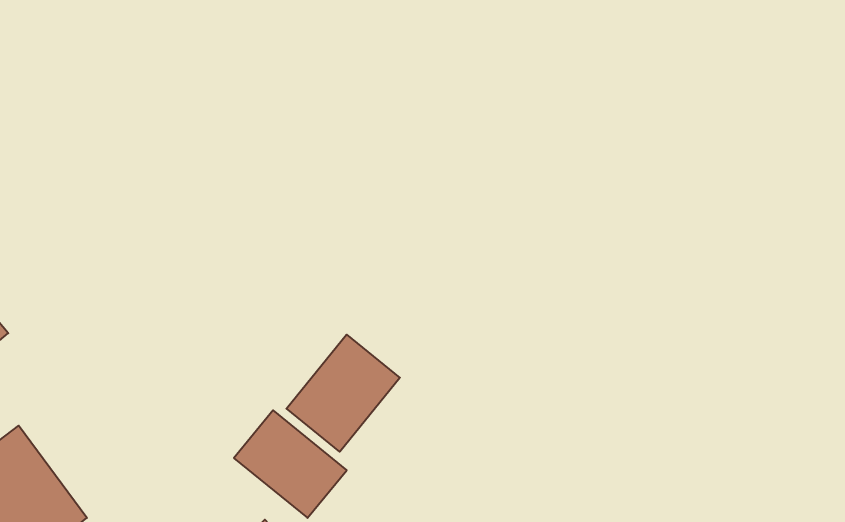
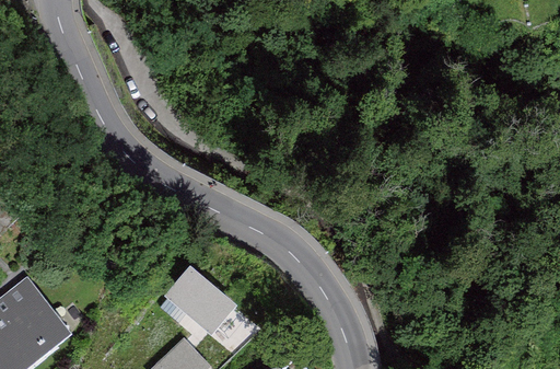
building: [286,335,400,452] -> none

